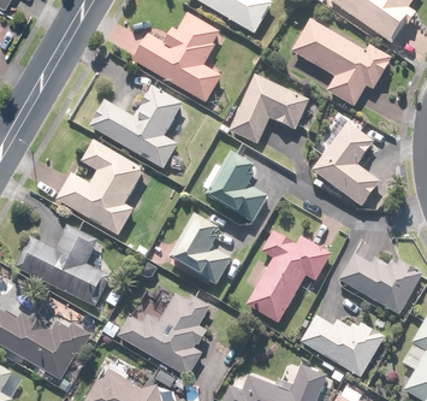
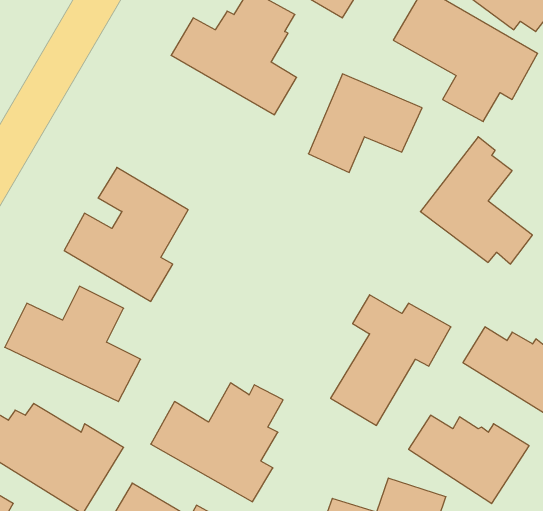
building: [89,85,183,169] -> none
building: [207,152,268,223] -> none
building: [167,211,232,285] -> none

